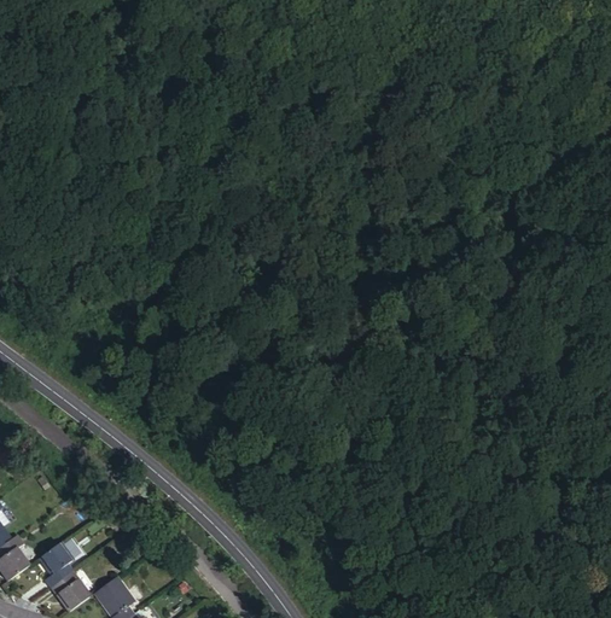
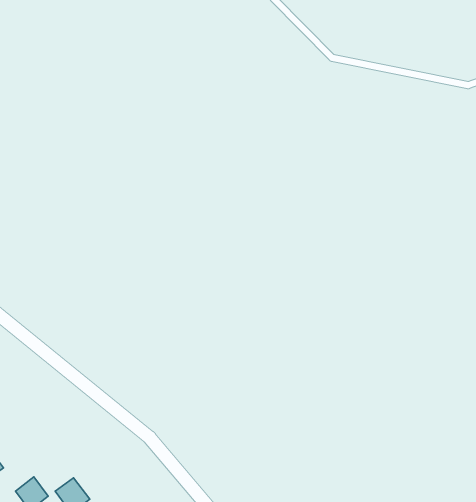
building: [35,543,71,590] -> none

